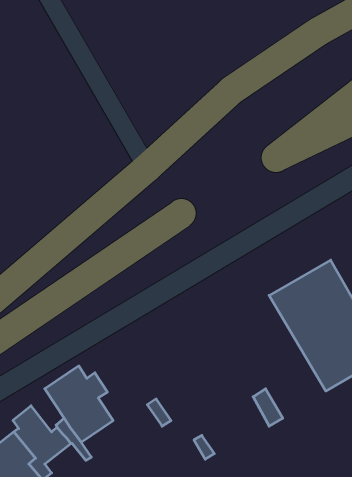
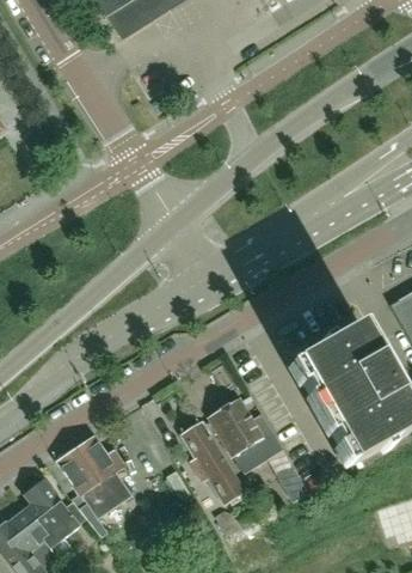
building: none -> [211,400,282,469]
building: none -> [180,415,245,500]

